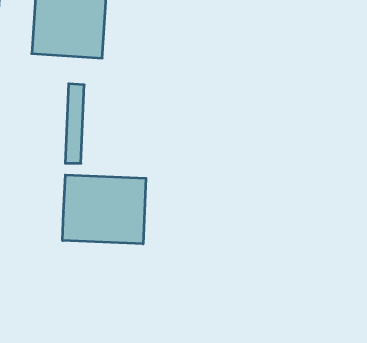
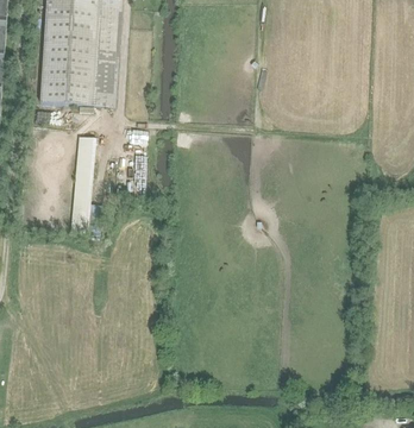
building: [63,175,146,244] -> none

